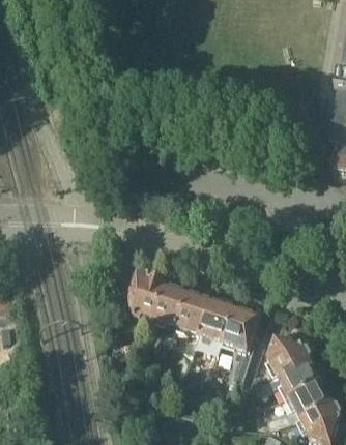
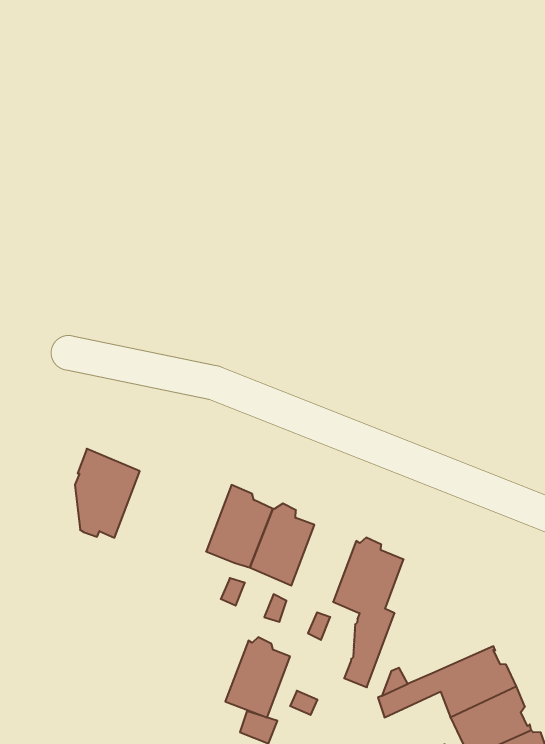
building: [127,265,162,312] -> [75,449,140,538]
building: [197,292,230,334] -> [225,637,290,717]
building: [264,329,308,369] -> none

